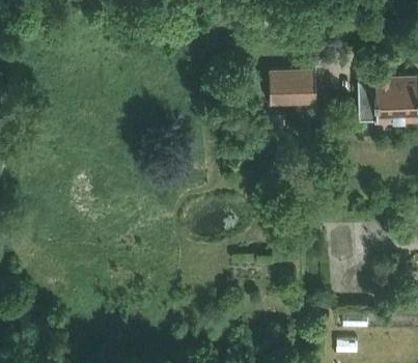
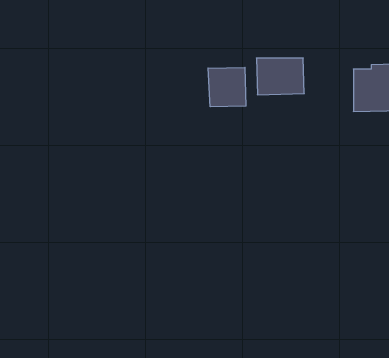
building: none -> [208,67,246,107]

